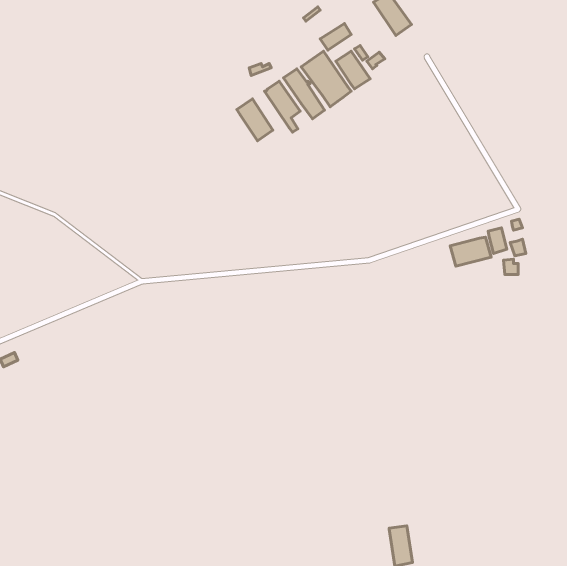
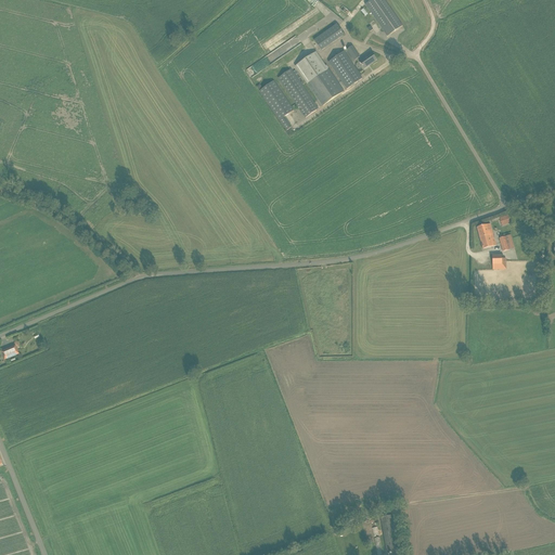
building: [237,99,273,141] -> none
building: [450,237,491,266] -> none

